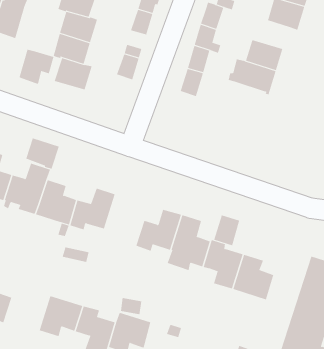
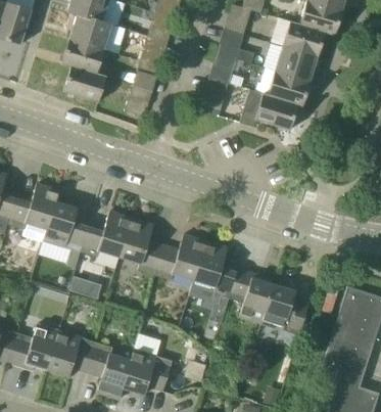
building: none -> [271,17,324,56]
building: [19,49,54,85] -> none
building: none -> [124,85,150,117]
building: none -> [239,89,297,130]
building: [25,137,59,170] -> none
building: none -> [118,218,162,275]
building: [214,215,240,246] -> none
building: none -> [7,324,58,370]

